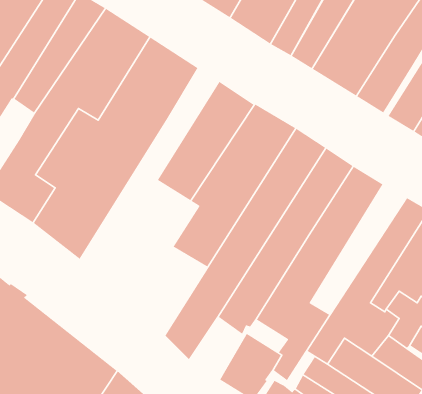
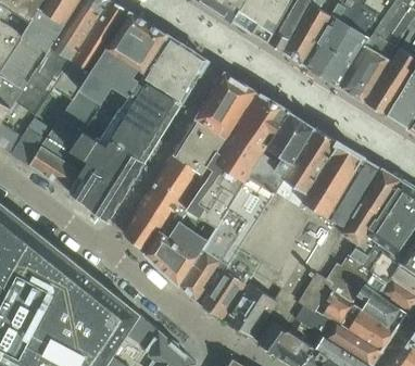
building: none -> [123,156,215,286]
building: none -> [301,160,380,268]
building: none -> [200,270,243,320]

